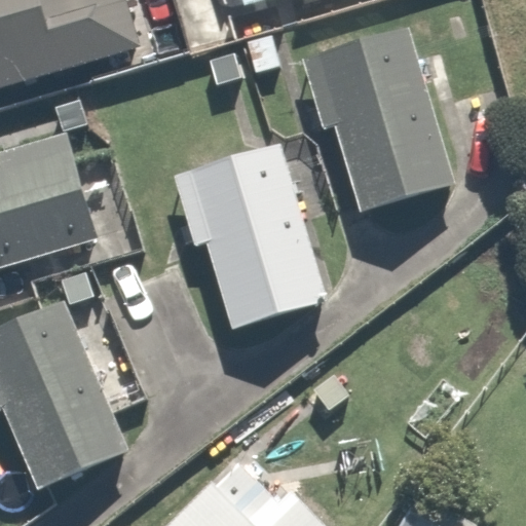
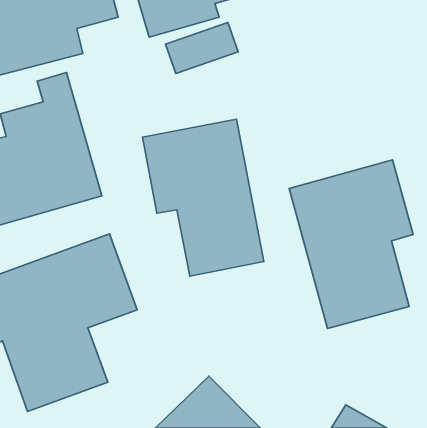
building: [296,27,462,216] -> none
building: none -> [289,160,413,329]

